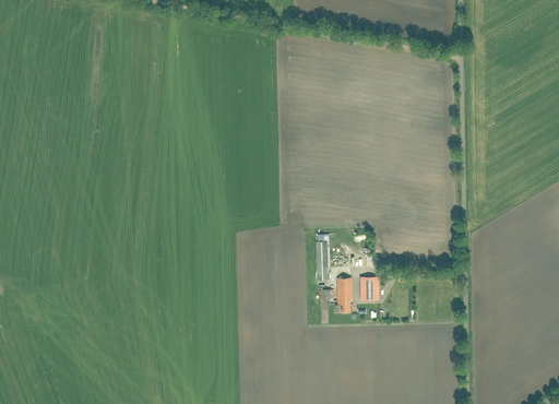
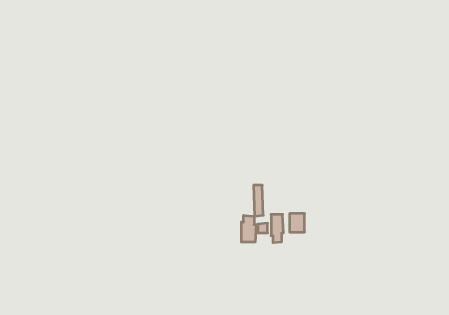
building: none -> [241,215,256,242]

